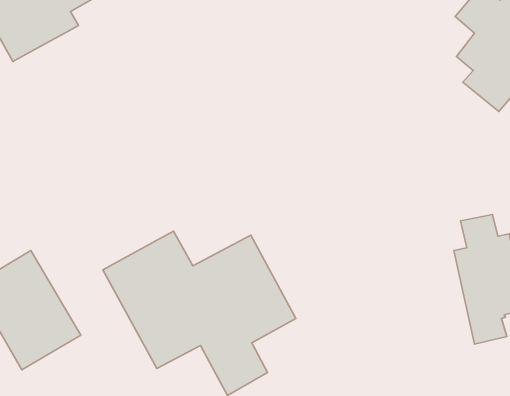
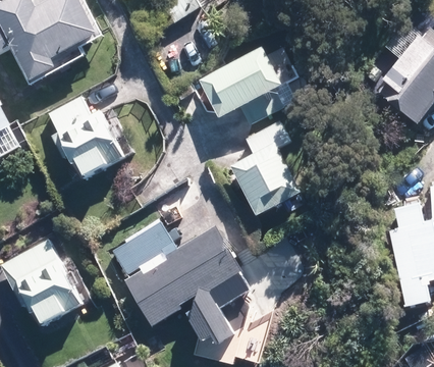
building: none -> [202,45,287,119]
building: none -> [44,94,128,180]
building: none -> [233,122,311,217]

